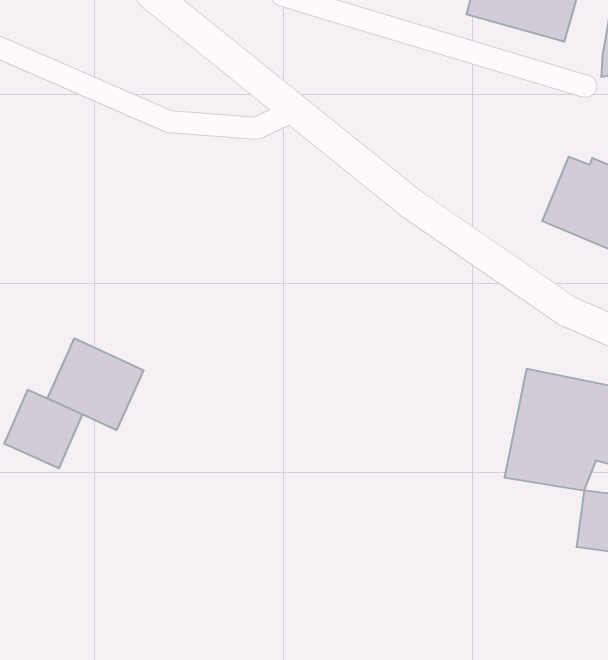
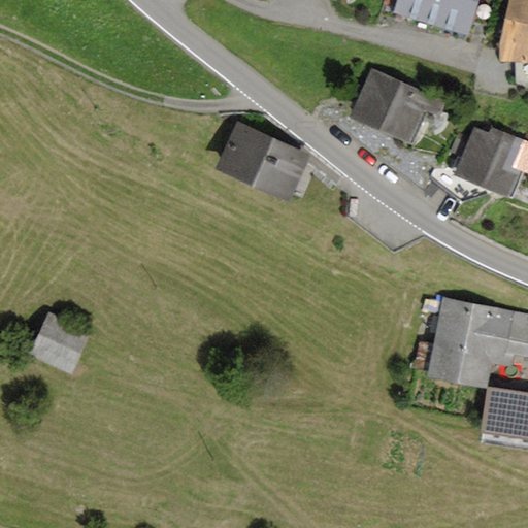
building: none -> [352,68,449,142]
building: none -> [217,122,312,204]
building: [47,338,144,430] -> none

